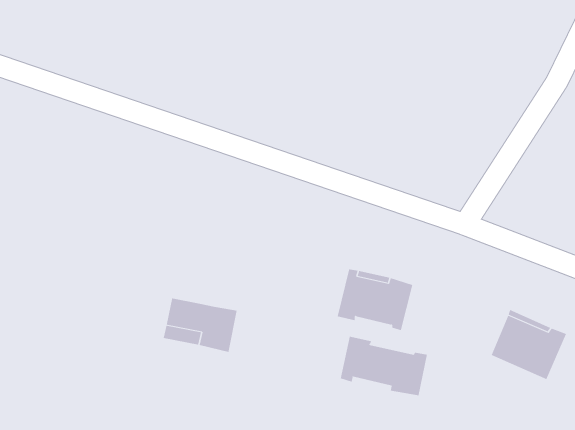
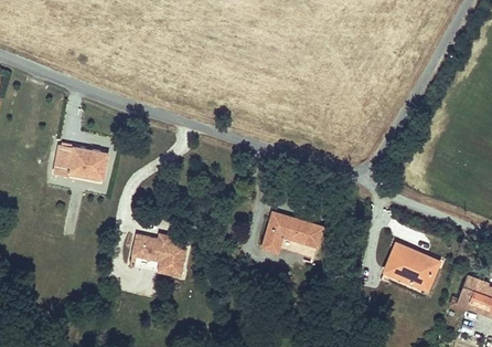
building: none -> [54,144,108,176]
building: [340,336,427,396] -> none

